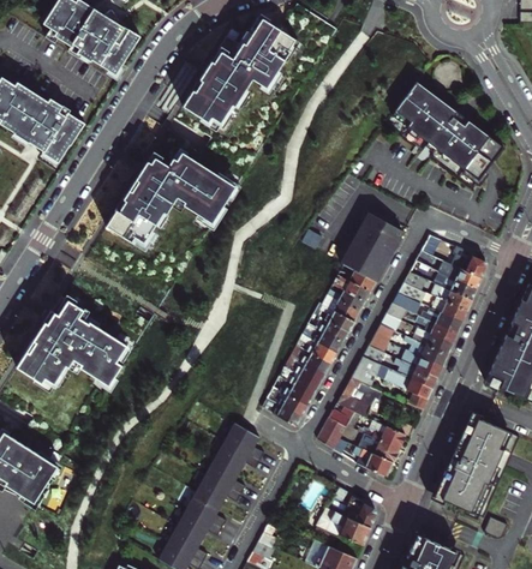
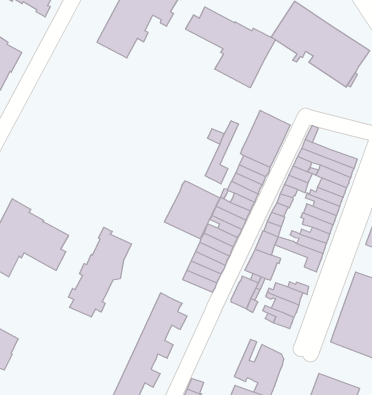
building: none -> [186,7,275,88]
building: [107,149,240,251] -> none
building: none -> [205,121,239,184]
building: [452,246,488,278] -> none
building: none -> [165,181,220,239]
building: none -> [69,227,132,317]

